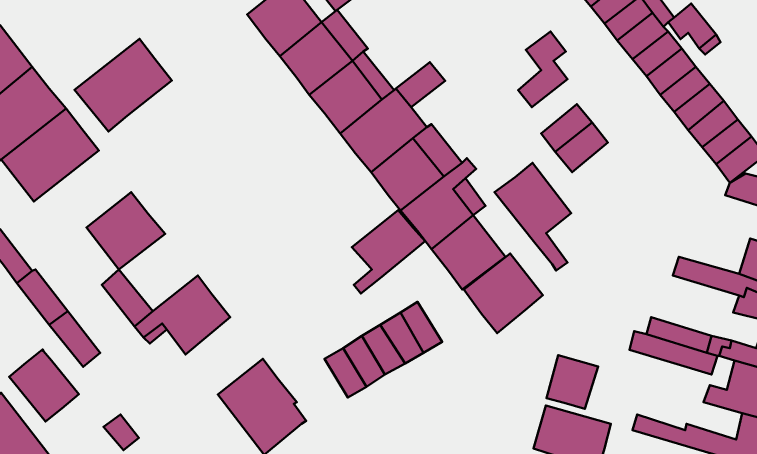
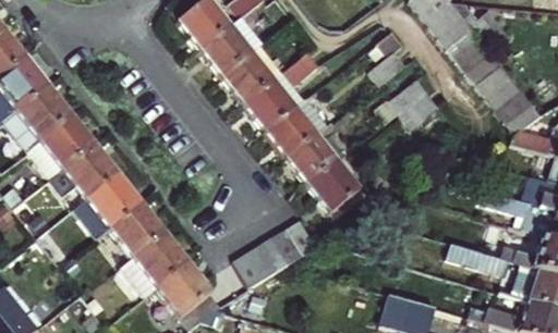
building: [74,39,172,131] -> [27,114,96,180]
building: [495,163,571,271] -> none
building: [352,210,425,294] -> none
building: none -> [87,173,143,227]
building: [464,253,543,333] -> none
building: none -> [122,232,189,296]
building: [9,350,79,422] -> none
building: [546,355,598,409] -> none

